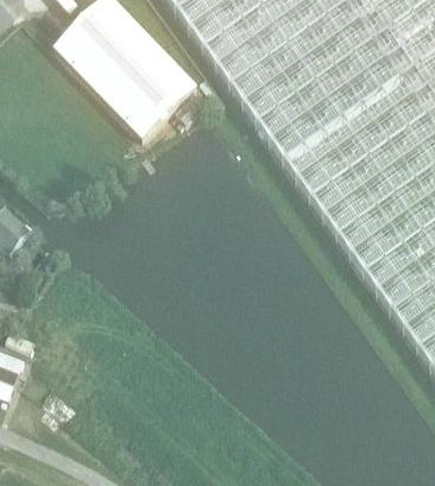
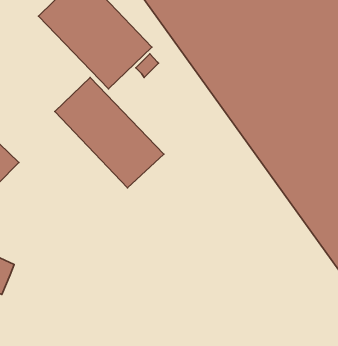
building: none -> [55,78,164,188]

